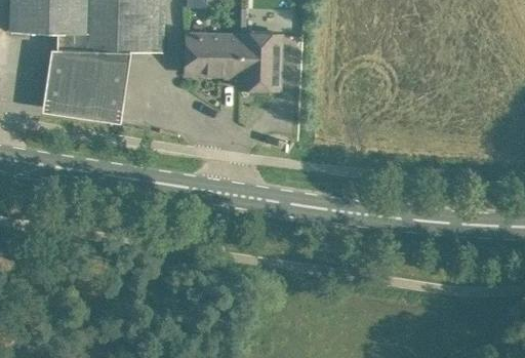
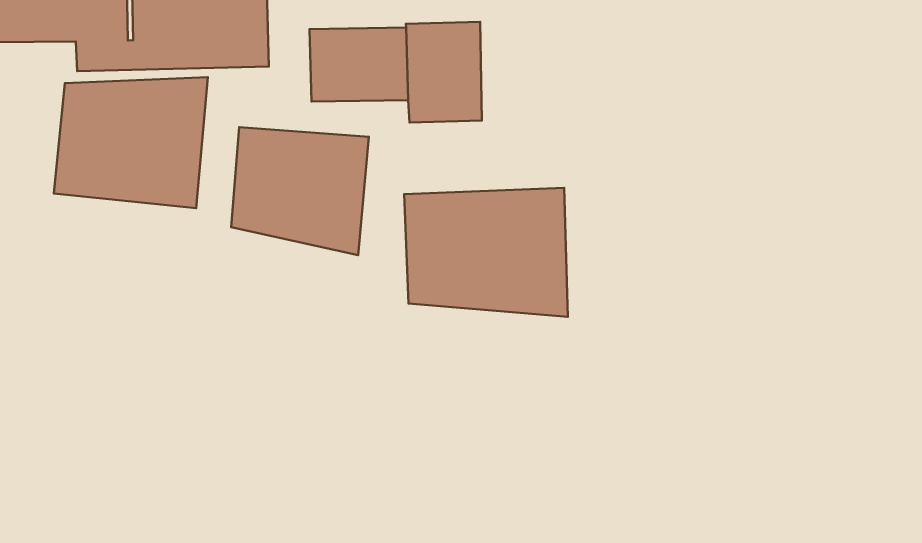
building: none -> [231,127,369,255]
building: none -> [404,188,568,317]

